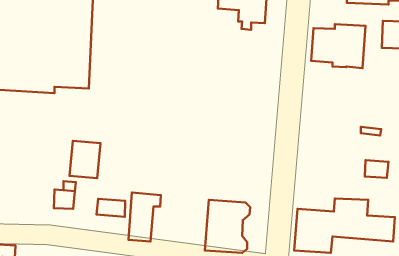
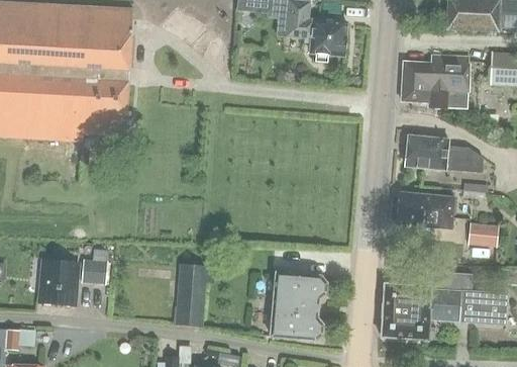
building: none -> [404,134,483,172]
building: none -> [398,194,451,226]
building: [70,141,100,178] -> [39,259,78,305]
building: [97,199,125,217] -> none

